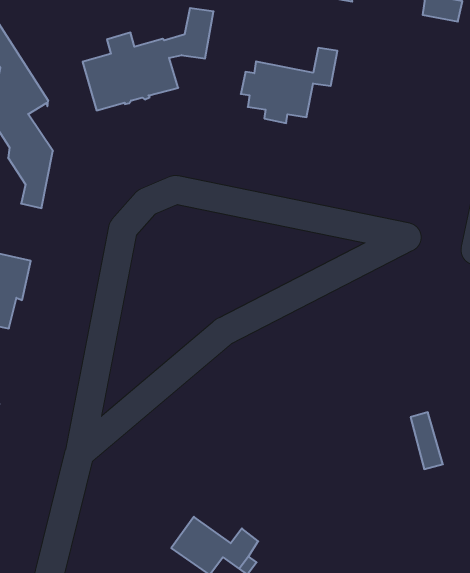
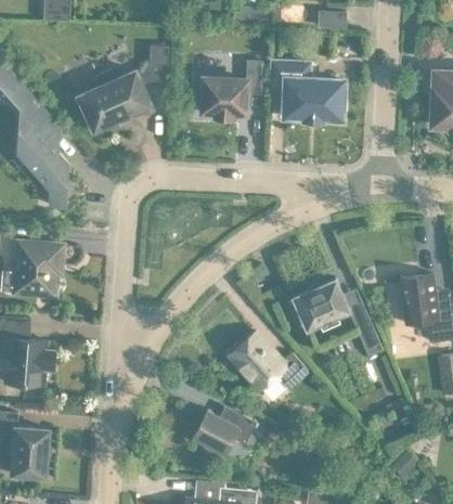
building: none -> [270,61,342,118]
building: none -> [288,280,349,329]
building: none -> [229,332,308,390]

